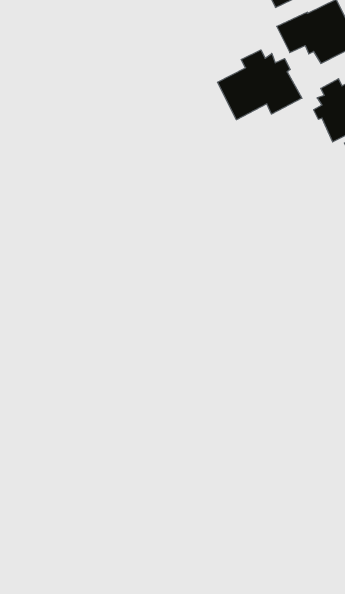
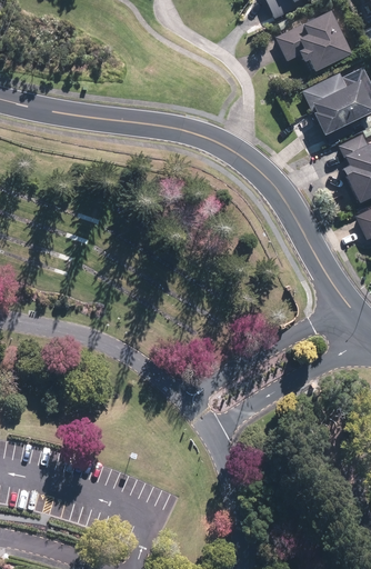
building: [218,50,302,120] -> none

